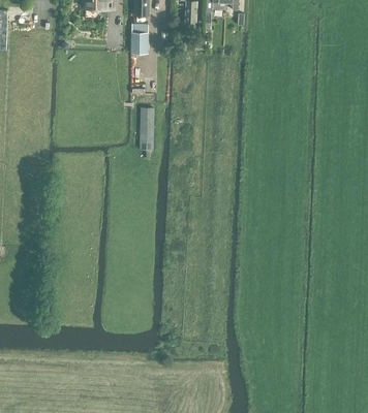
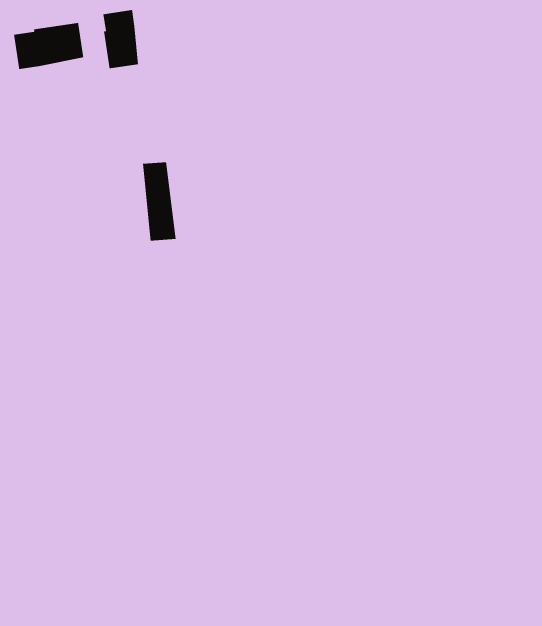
building: none -> [13,22,84,70]

